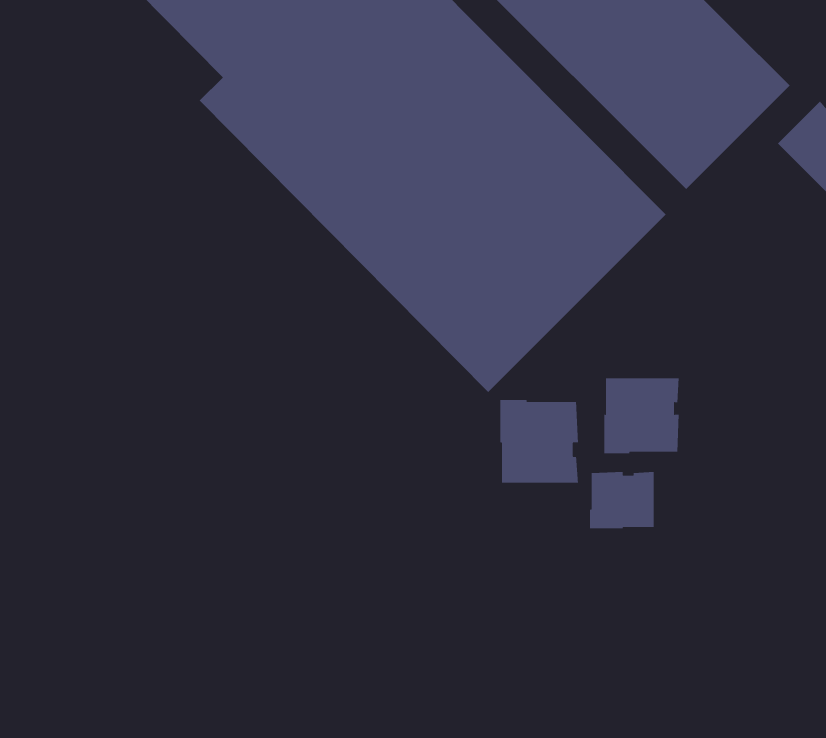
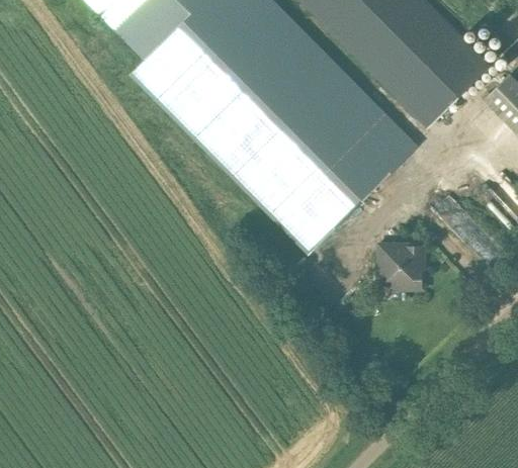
building: [500,399,578,484] -> none
building: [590,471,654,529] -> none

